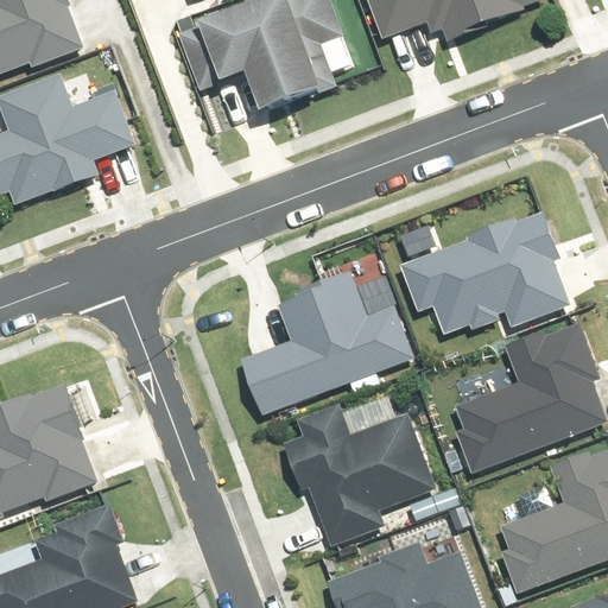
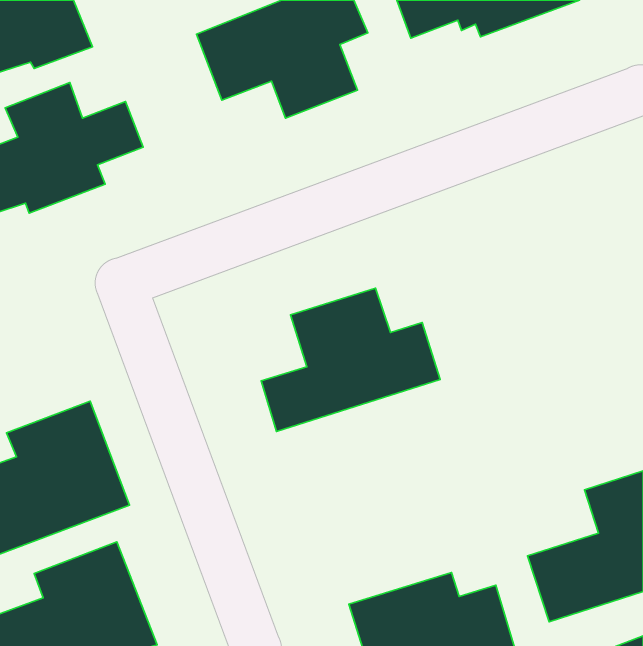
building: [400,220,566,324] -> none
building: [442,325,593,470] -> none
building: [280,392,436,549] -> none

